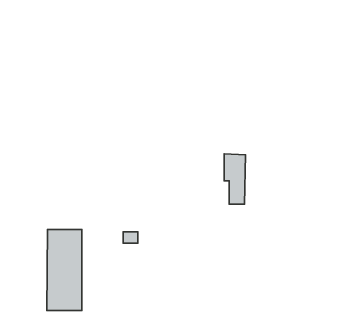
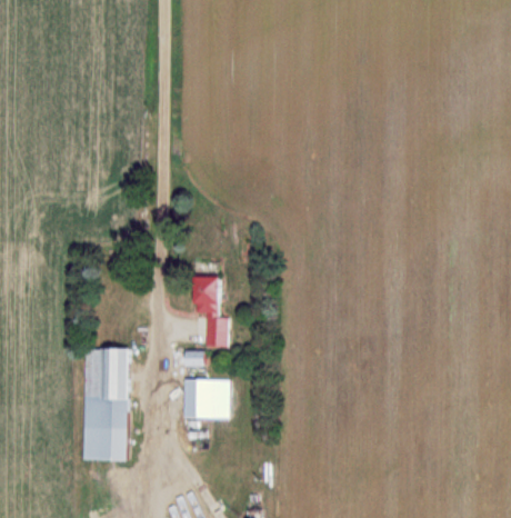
building: [224,154,245,204] -> [198,277,227,346]
building: none -> [184,380,226,419]

